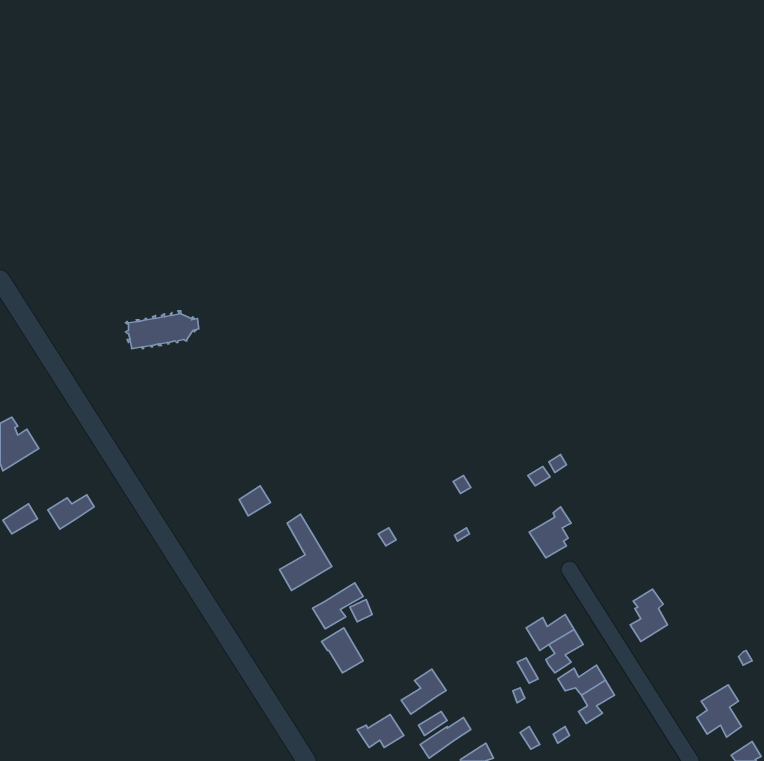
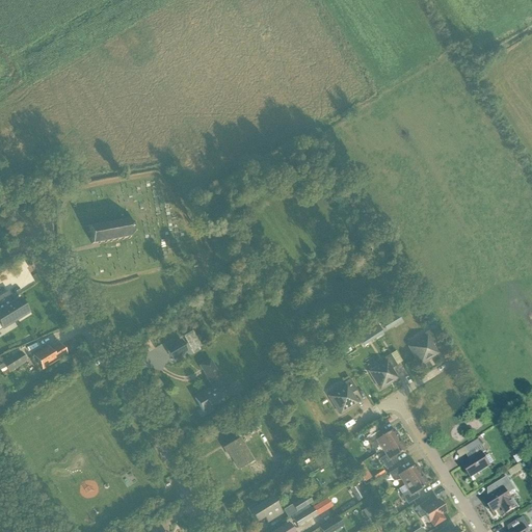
building: none -> [408,328,436,364]
building: none -> [328,377,356,413]
building: [313,583,363,629] -> none
building: [630,589,668,641] -> [462,438,488,475]
building: [401,669,446,714] -> none
building: none -> [415,497,445,525]

